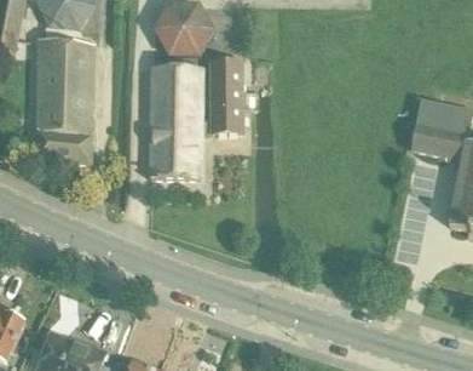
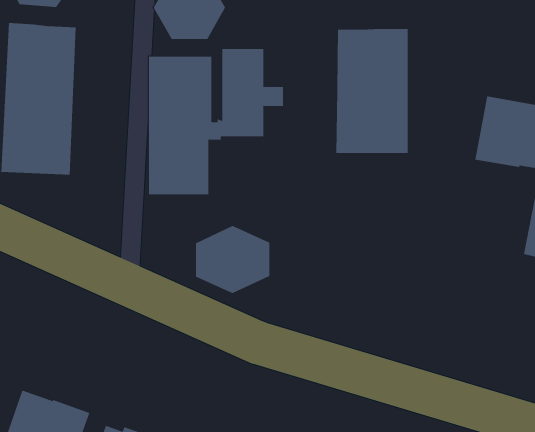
building: none -> [336,28,408,154]
building: none -> [196,225,270,294]

